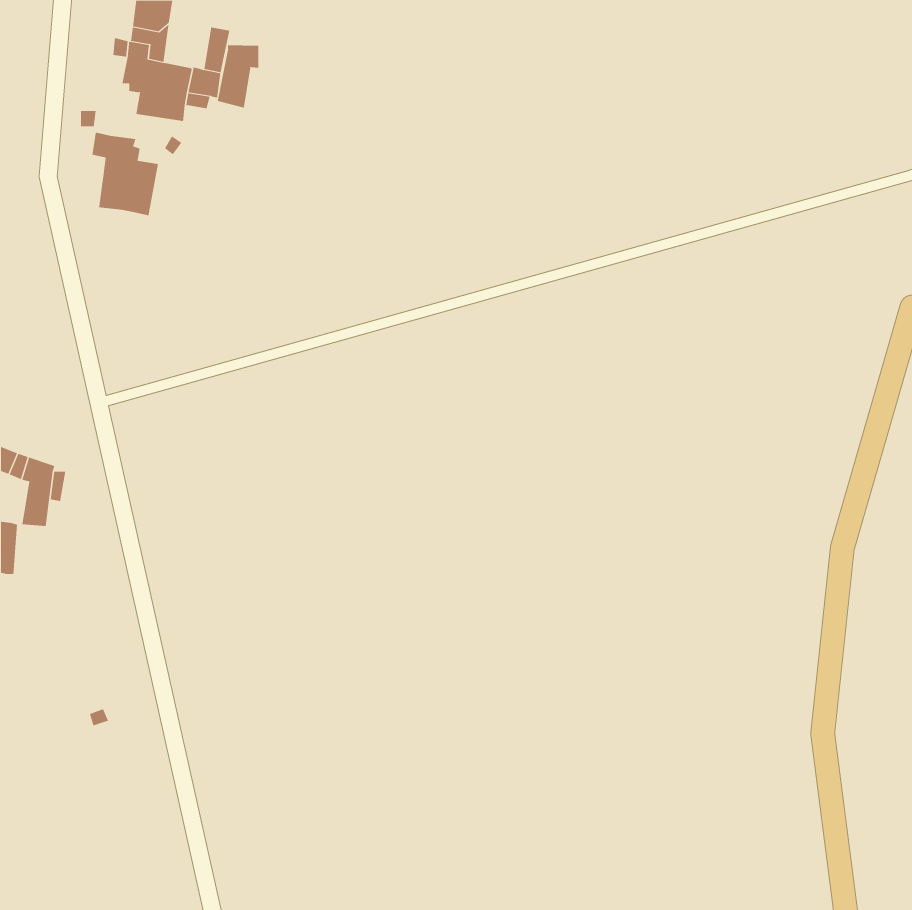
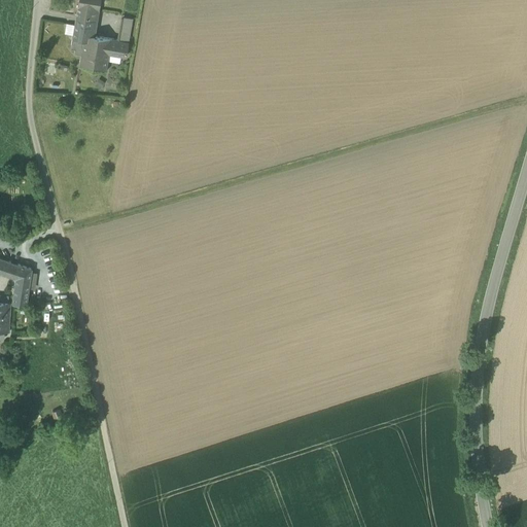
building: [217,44,259,108] -> none
building: [92,132,158,216] -> none

